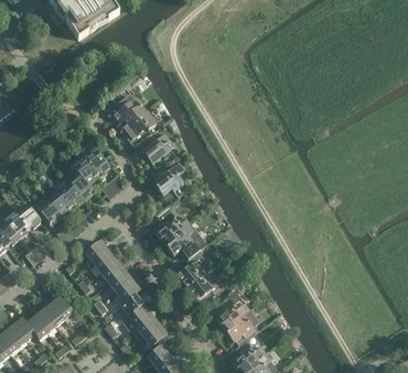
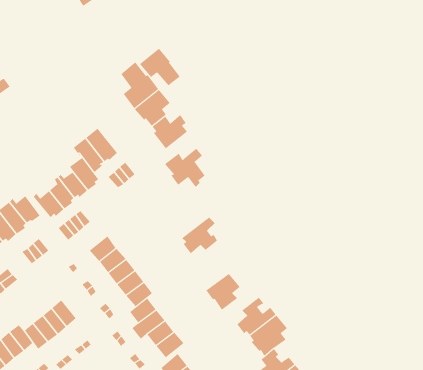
building: none -> [139,48,181,86]
building: [154,206,190,242] -> none
building: [176,244,207,288] -> none

